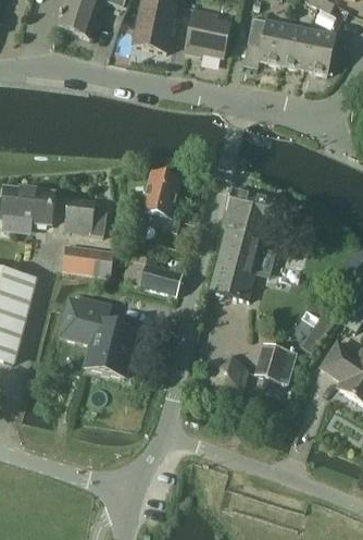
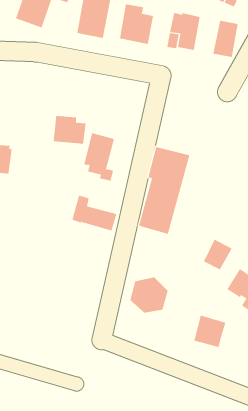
building: [280,24,312,71] -> none
building: [63,197,105,233] -> [53,116,87,144]
building: [63,245,113,273] -> none
building: [58,295,139,377] -> none
building: [255,341,297,382] -> [193,315,226,348]

